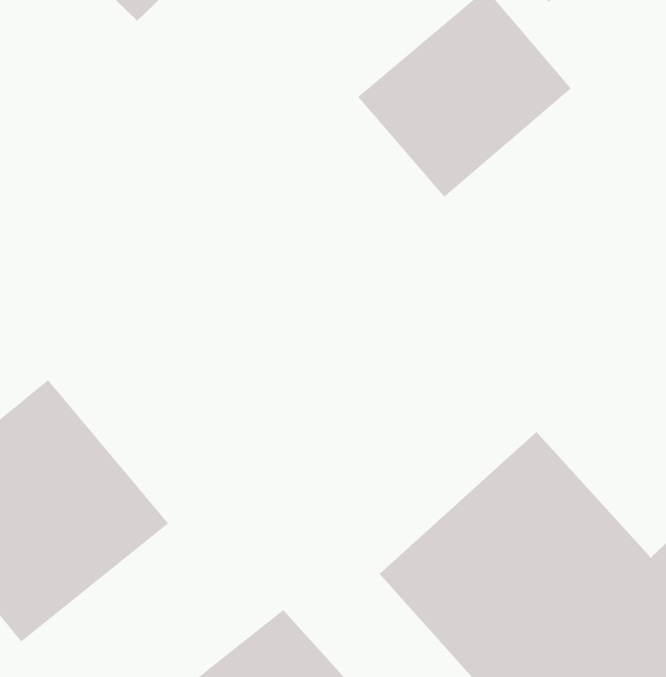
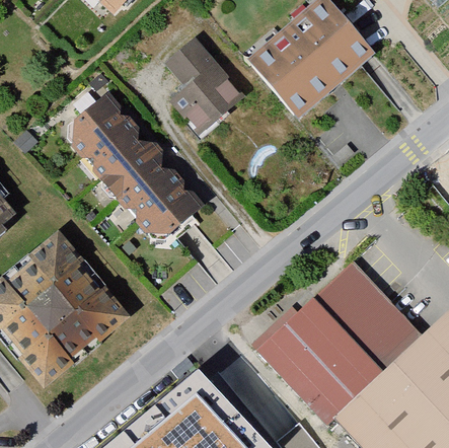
building: none -> [165,36,245,134]
building: none -> [58,91,205,245]

